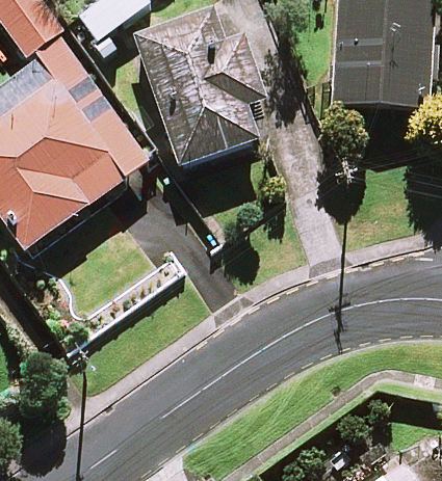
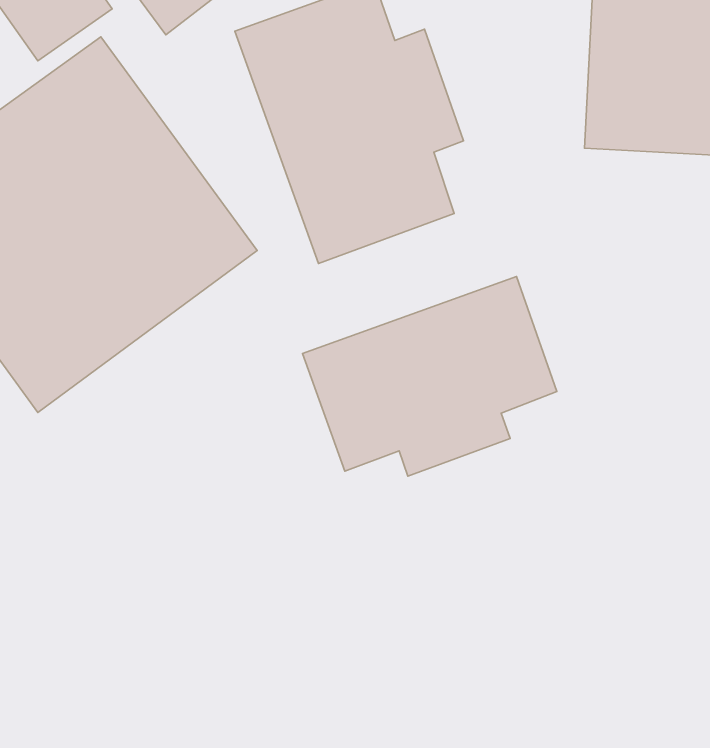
building: none -> [303,276,557,476]

